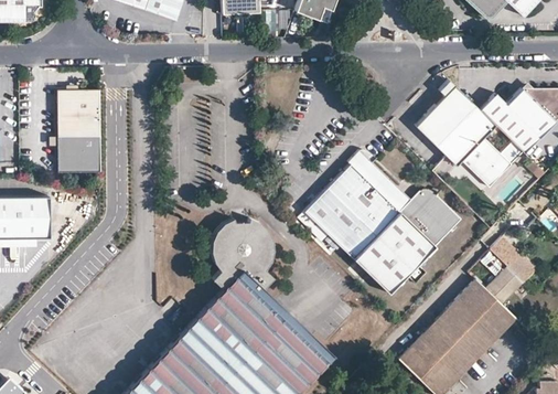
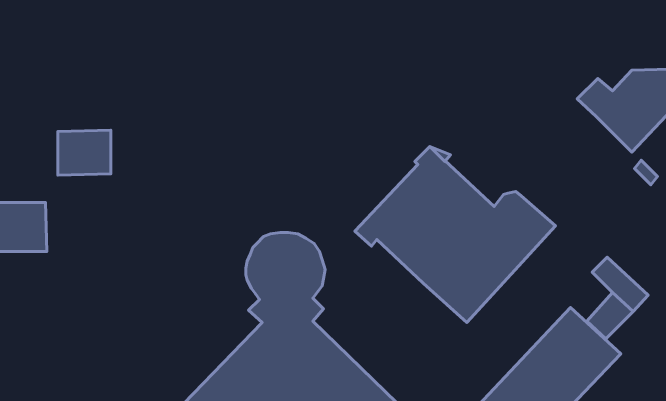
building: [416,82,524,190] -> none
building: [60,90,103,138] -> none

